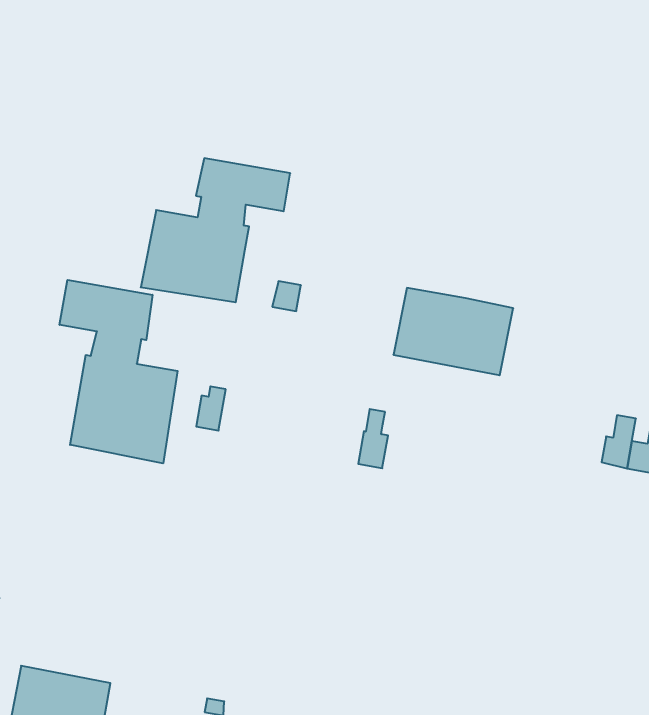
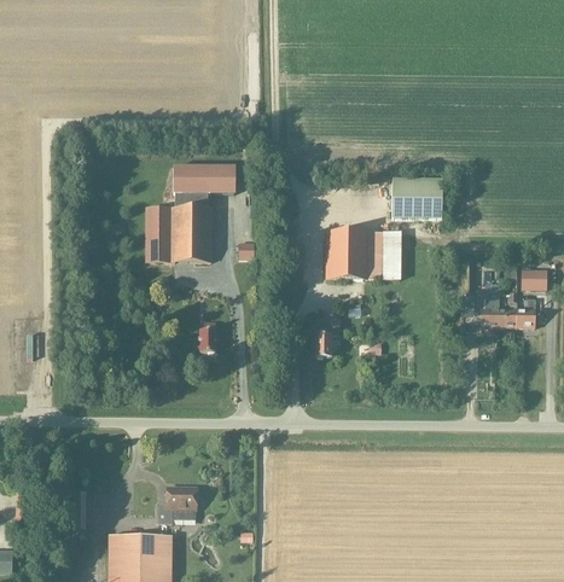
building: none -> [391,180,442,217]
building: [60,280,178,463] -> none
building: none -> [159,485,198,520]

